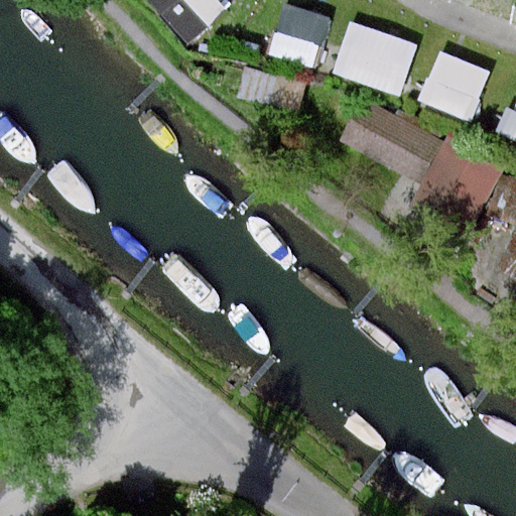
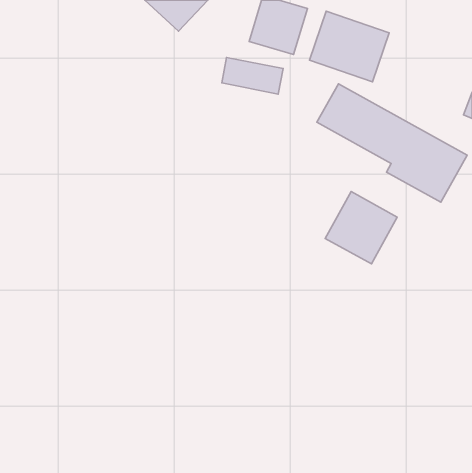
building: [417,48,491,122] -> none
building: none -> [325,192,397,264]

